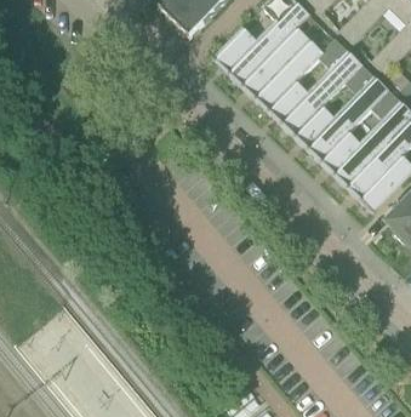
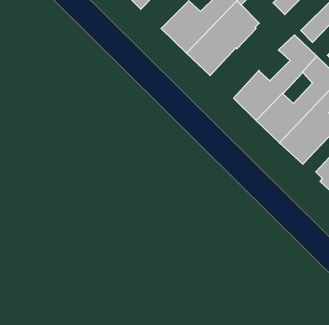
building: [267,36,363,136] -> none

